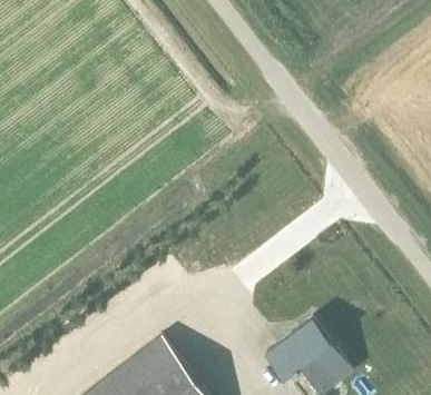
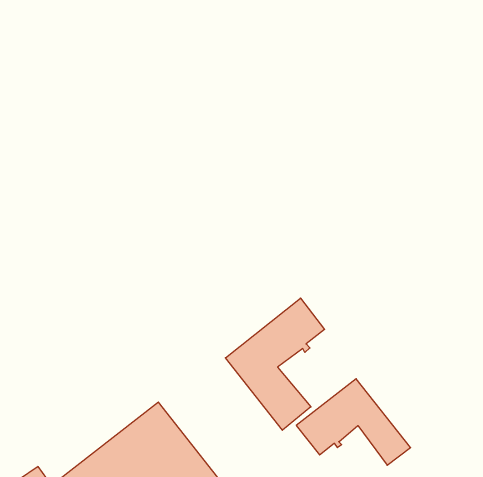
building: none -> [225,298,325,430]

